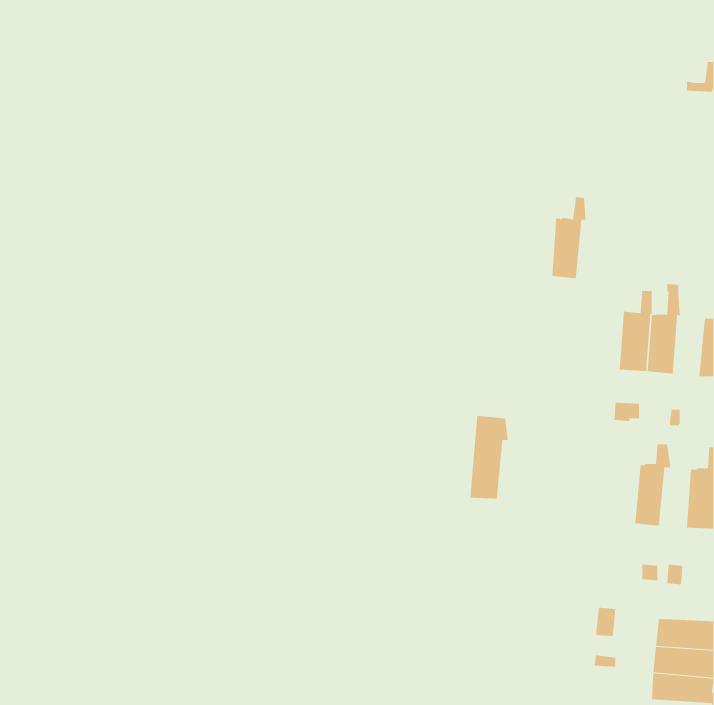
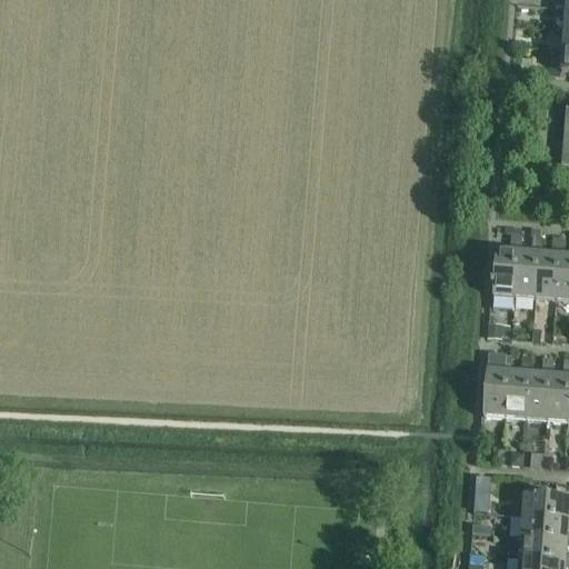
building: [551,197,586,279] -> [536,234,563,300]
building: [470,415,509,499] -> [482,350,513,417]
building: none -> [525,355,555,420]

